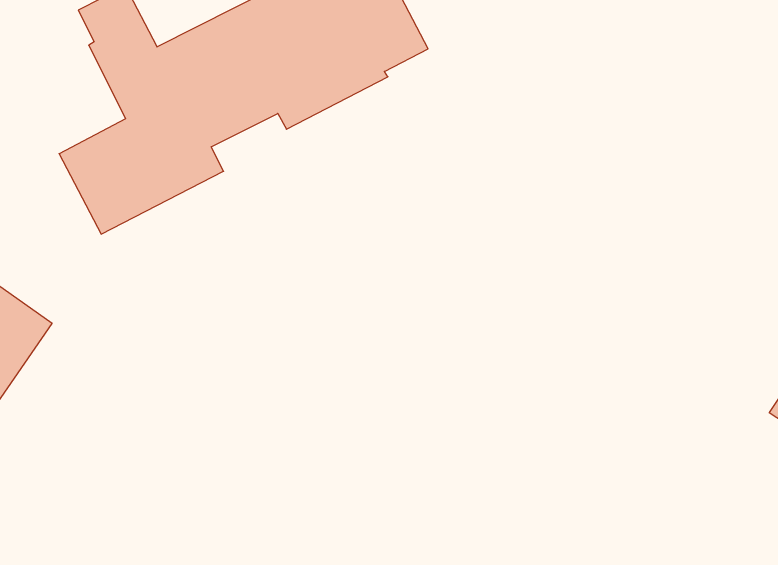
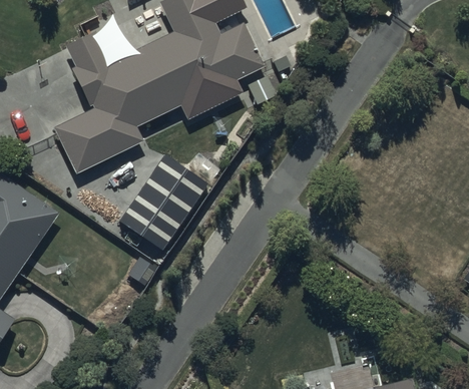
building: none -> [118,151,211,253]

